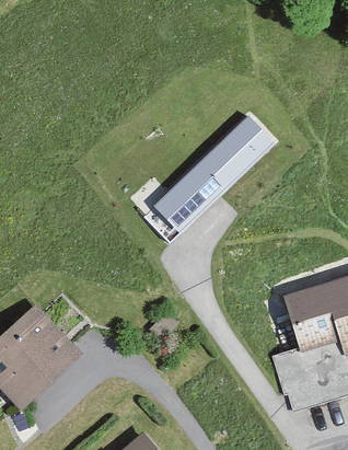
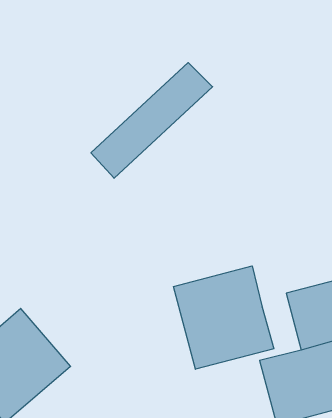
building: [154,118,269,228] -> [91,63,213,178]
building: none -> [174,266,274,369]

